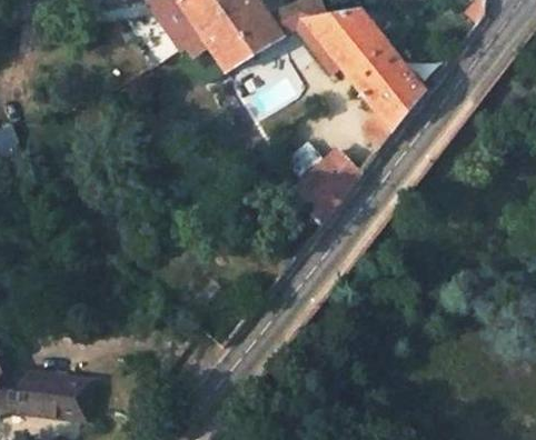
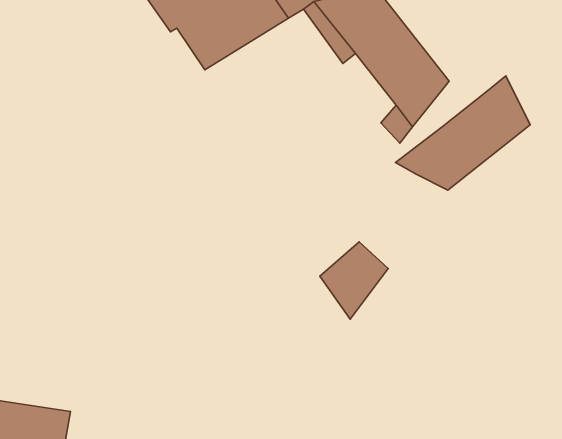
building: none -> [395,76,530,190]
building: [299,150,359,218] -> [320,242,388,319]

